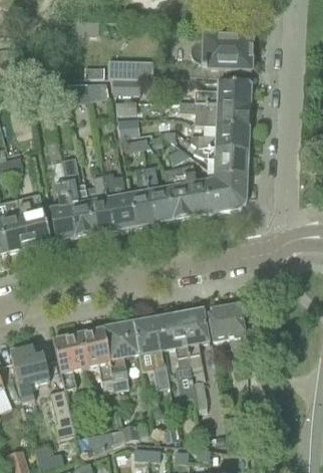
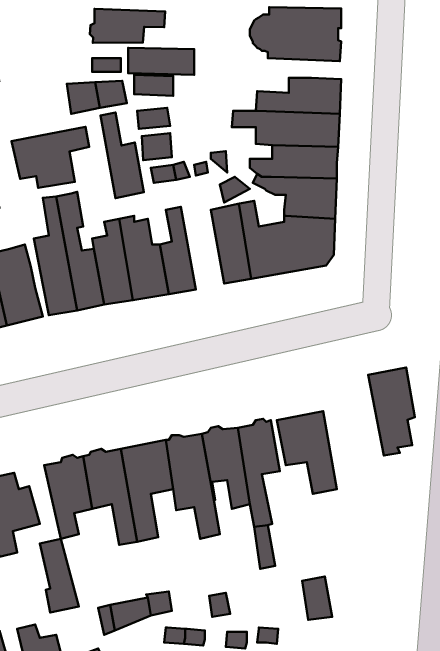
building: none -> [90,9,165,43]
building: none -> [12,127,89,188]
building: [144,165,174,222] -> [100,113,144,198]
building: none -> [368,367,415,456]

